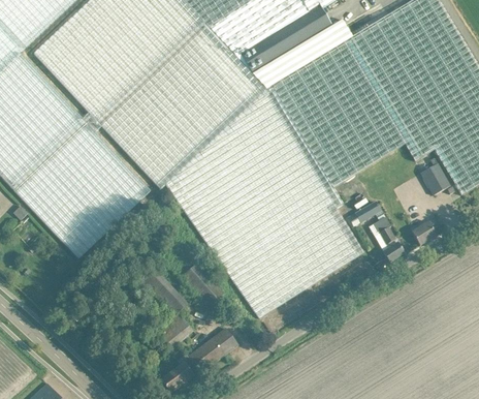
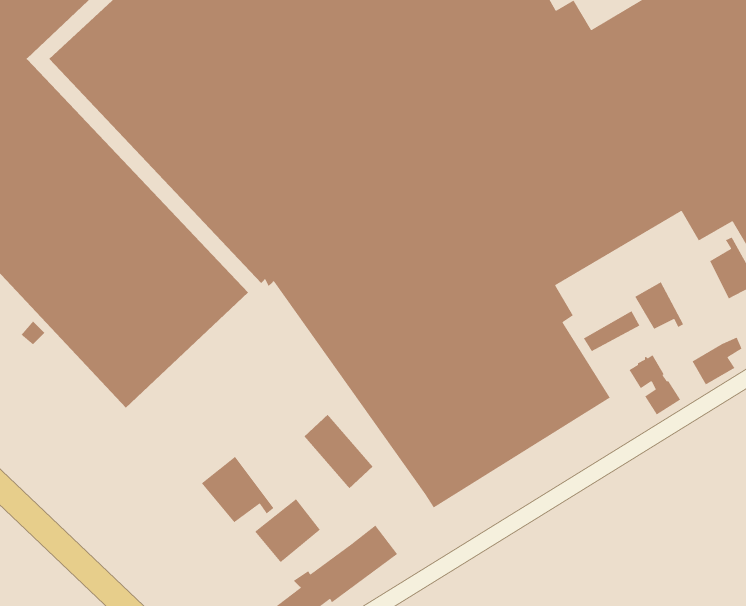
building: none -> [634,281,684,330]
building: none -> [201,456,274,523]

